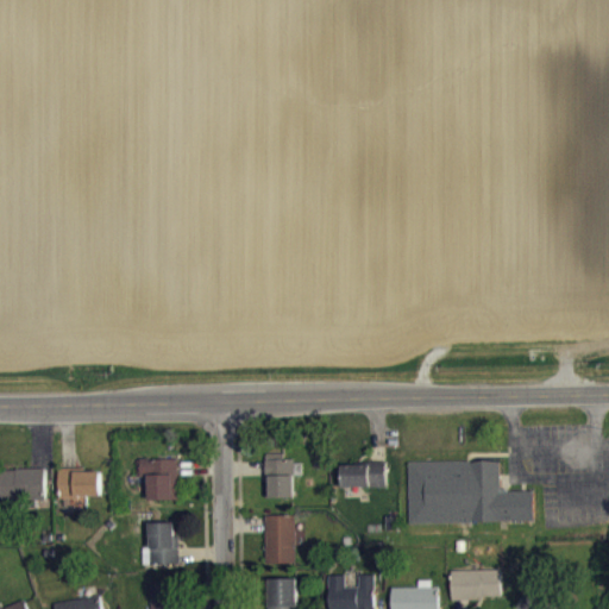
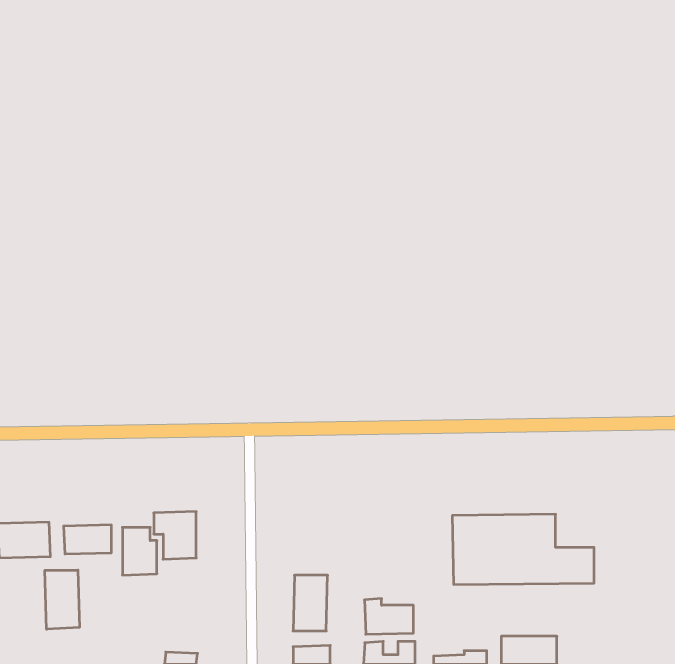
building: [265,454,293,500] -> none
building: [340,457,384,489] -> [364,599,413,634]
building: none -> [45,570,79,629]
building: [147,523,178,566] -> [122,527,157,575]

